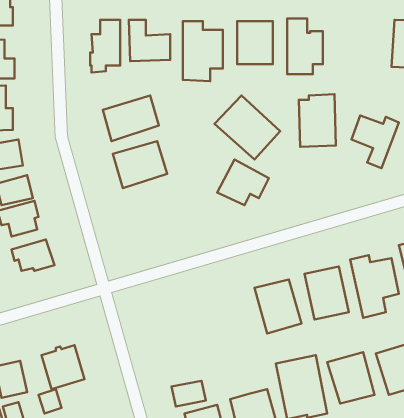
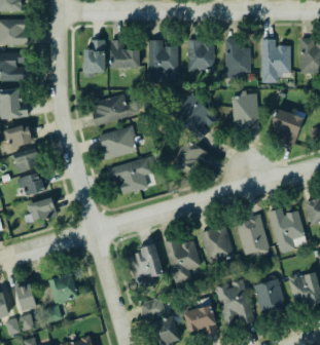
building: none -> [260,38,290,82]
building: none -> [109,158,152,194]
building: none -> [164,238,200,283]
building: none -> [133,246,162,279]

